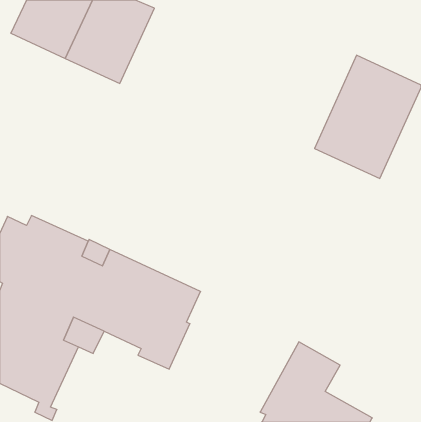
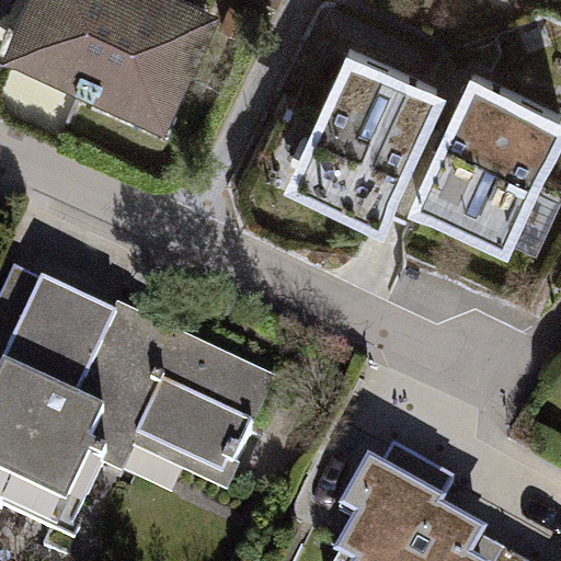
building: none -> [293,48,436,210]

